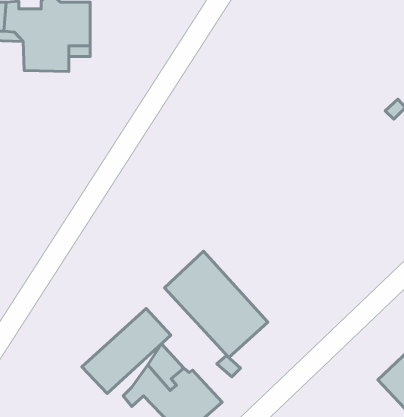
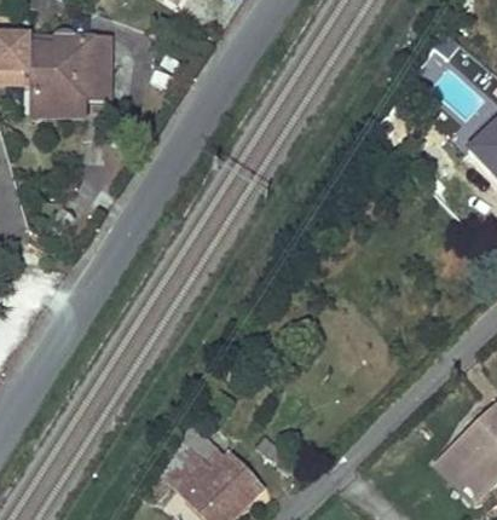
building: [165,251,268,358] -> none
building: [82,308,171,394] -> none

